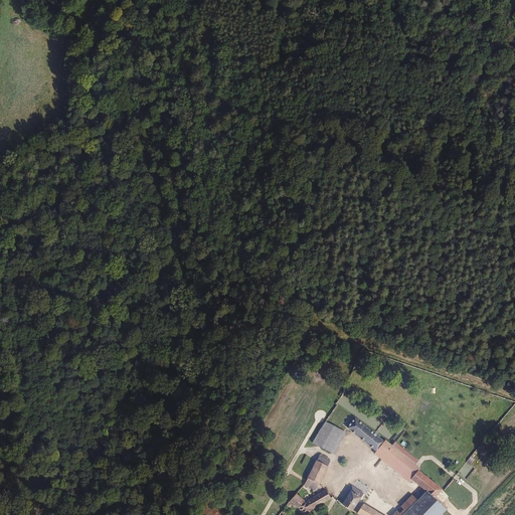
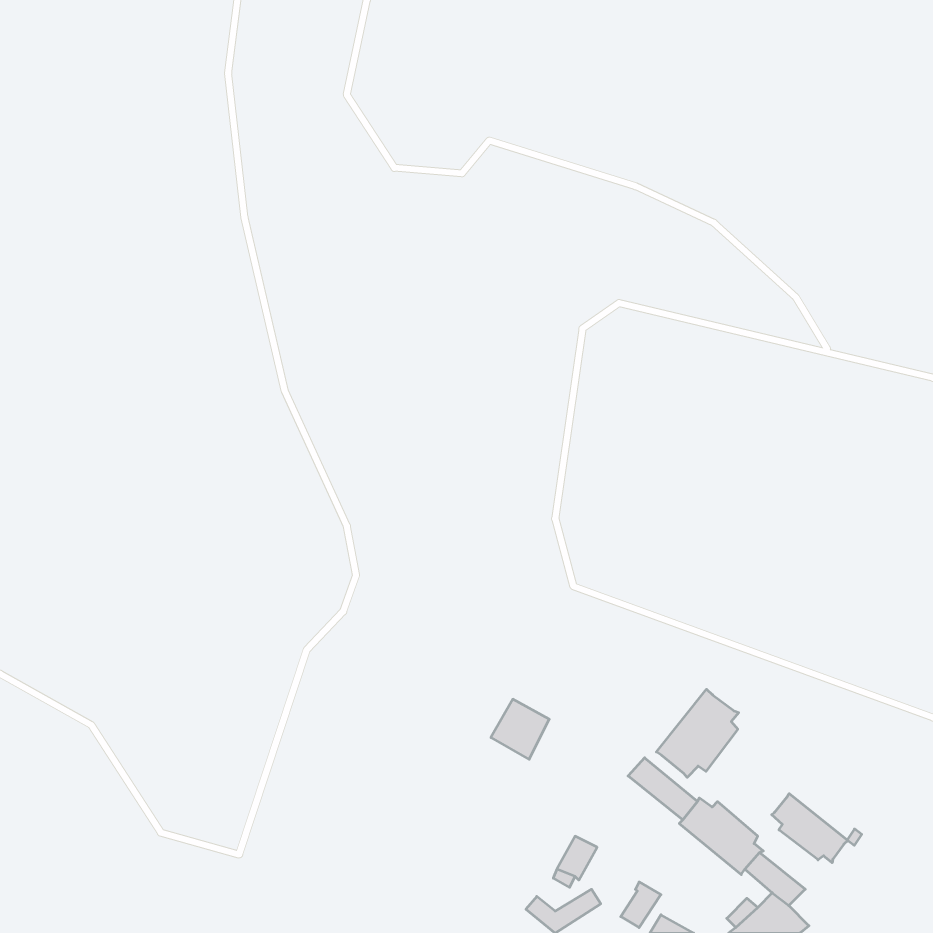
building: none -> [656,689,739,777]
building: [312,421,344,455] -> [491,699,549,759]
building: none -> [772,794,848,863]

